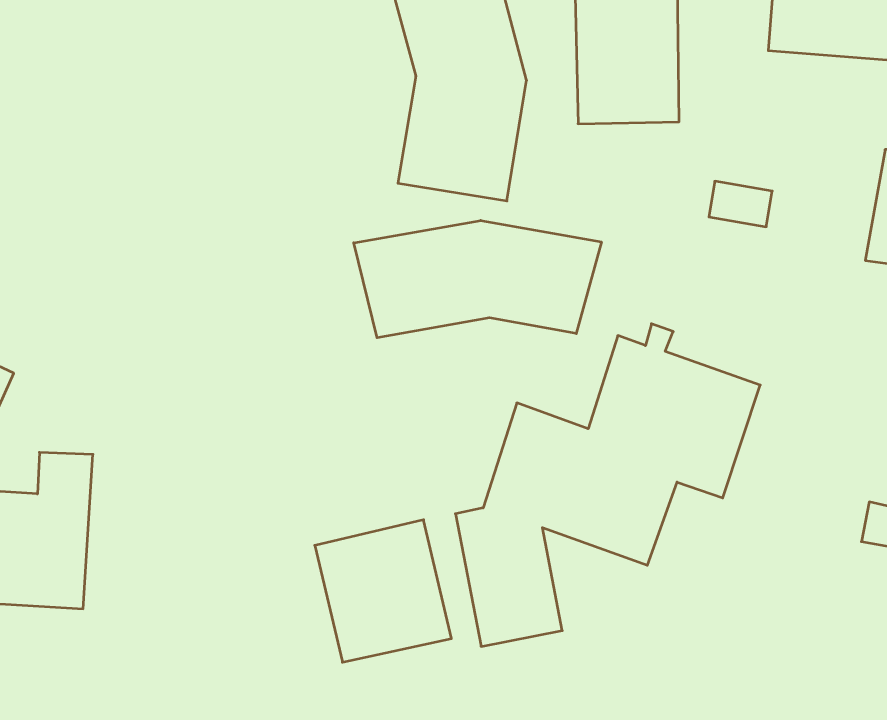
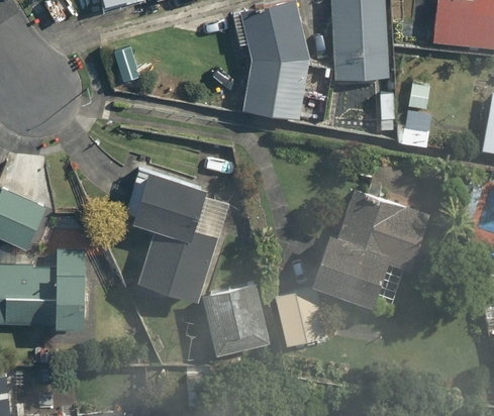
building: [354,220,601,338] -> none
building: none -> [126,169,227,302]

